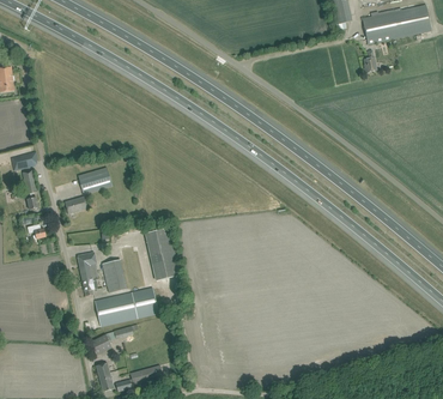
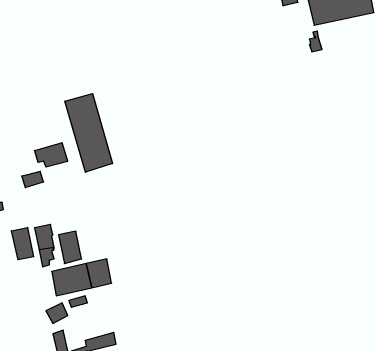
building: none -> [65,94,113,172]
building: [146,226,180,278] -> none
building: none -> [11,227,34,260]

